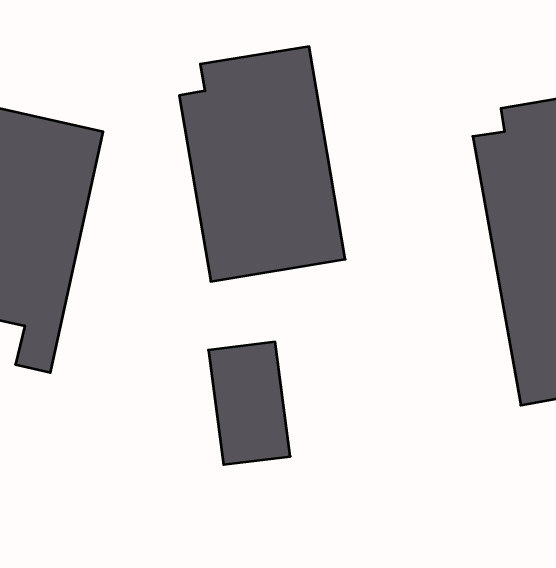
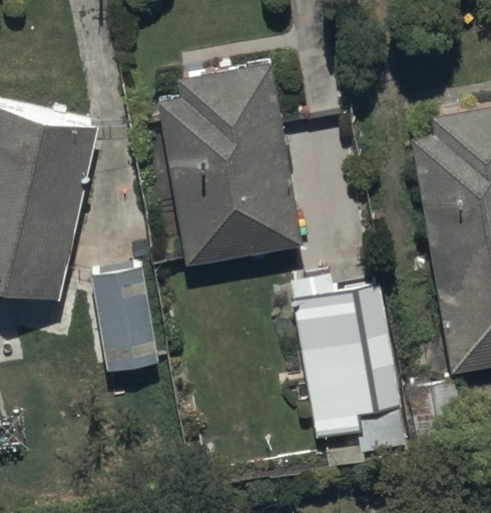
building: none -> [294,283,405,450]
building: [208,342,290,465] -> [91,275,161,380]

